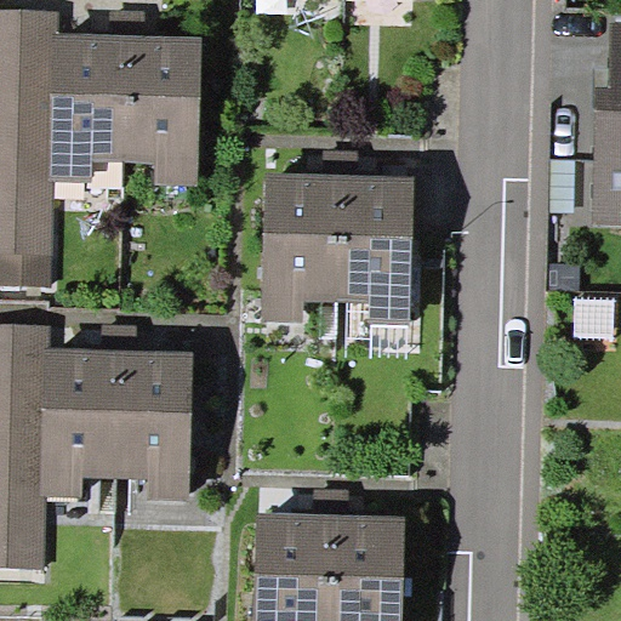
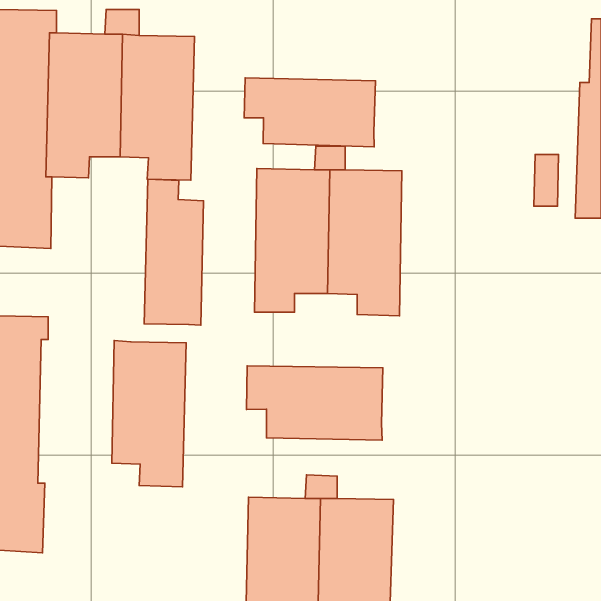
building: none -> [244,78,375,147]
building: none -> [144,179,204,325]
building: [39,351,118,500] -> none
building: none -> [247,366,383,440]

